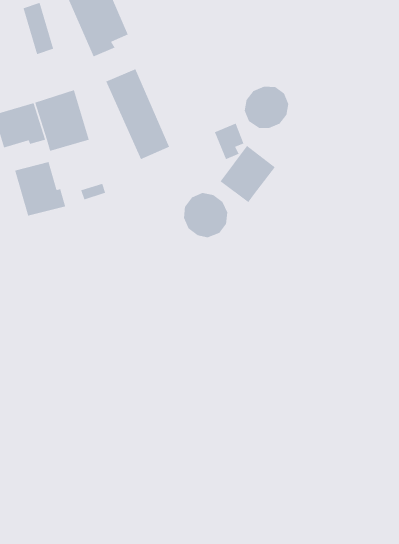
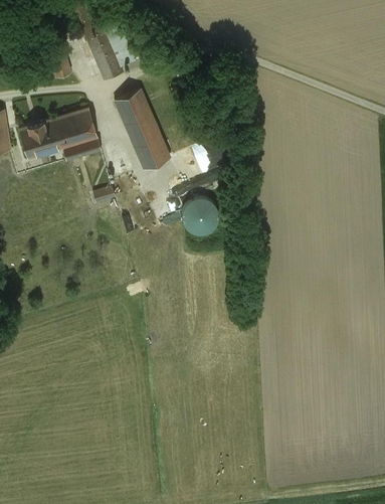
building: [244,86,289,129] -> none
building: [219,145,276,203] -> none
building: [14,161,66,217] -> none

